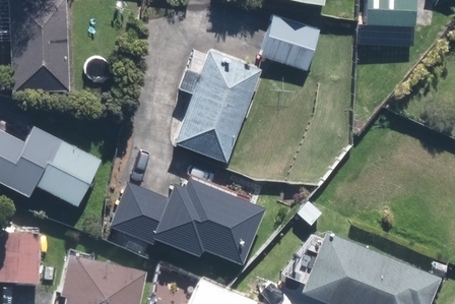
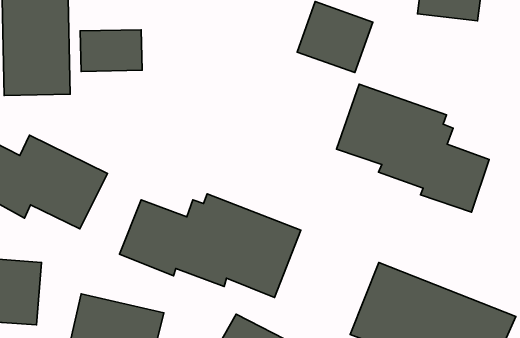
building: none -> [80,30,142,72]
building: [175,52,260,164] -> none
building: none -> [337,84,489,212]

